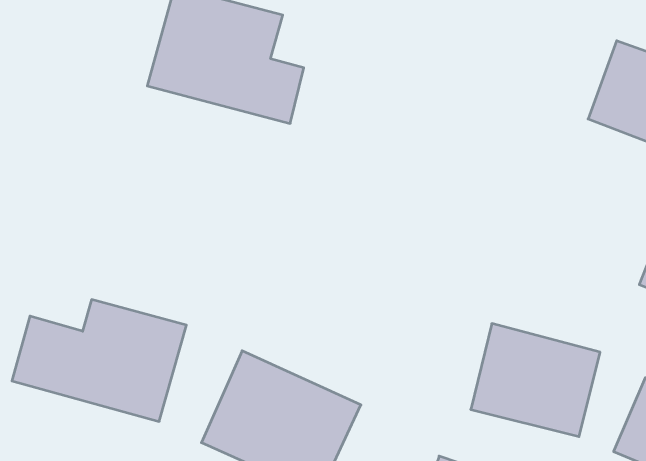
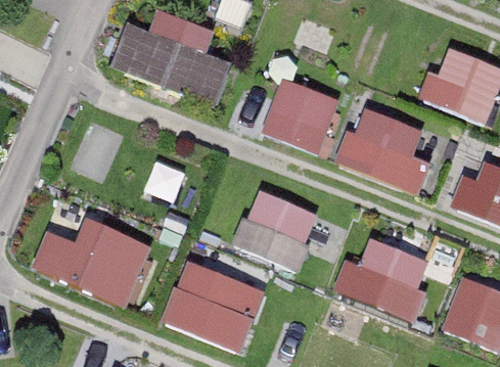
building: none -> [261,79,338,153]
building: none -> [336,105,442,197]
building: none -> [234,191,318,271]

